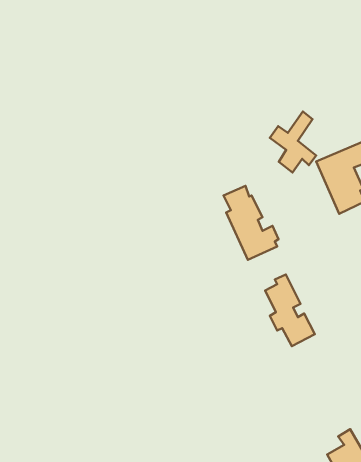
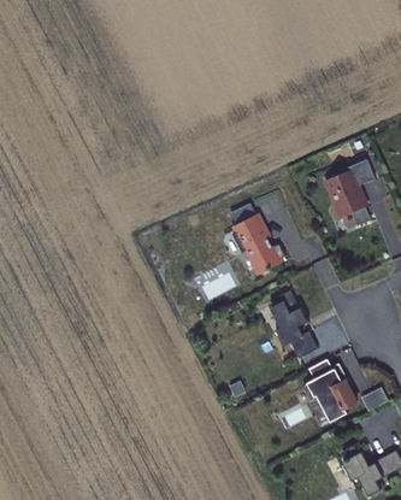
building: [270,111,316,173] -> none
building: none -> [306,359,359,422]

